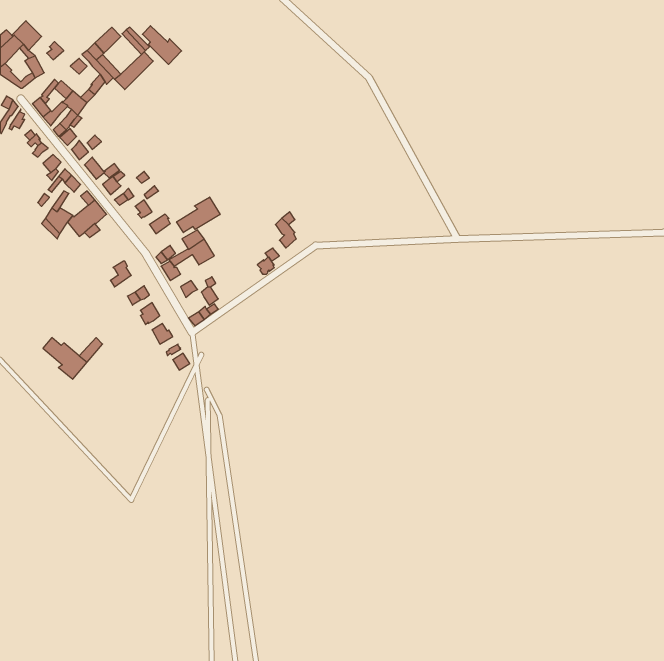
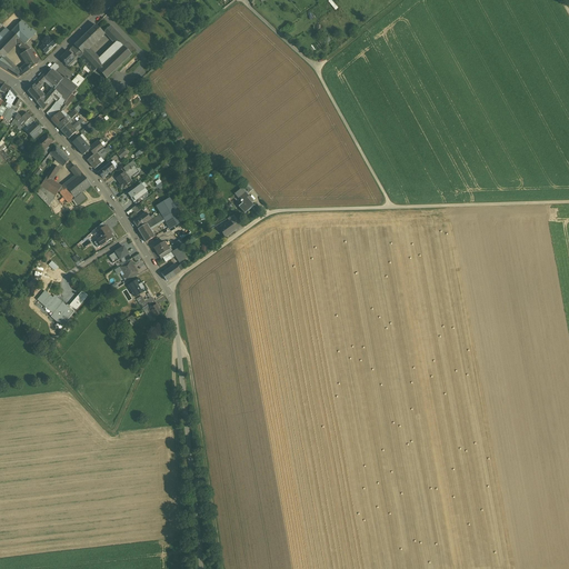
building: [142,26,182,64] -> none
building: [177,197,220,233] -> none

